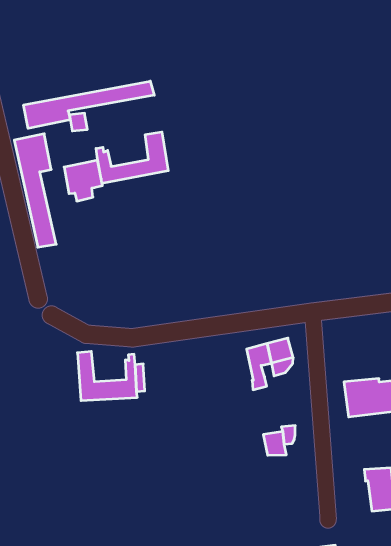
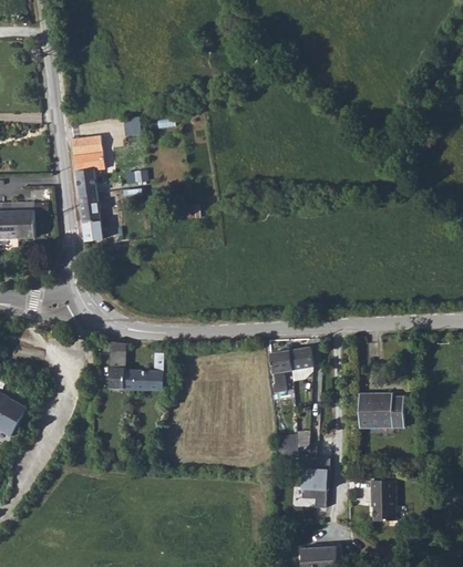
building: [24,81,154,128] -> none
building: [96,132,168,183] -> none
building: none -> [297,465,317,505]

